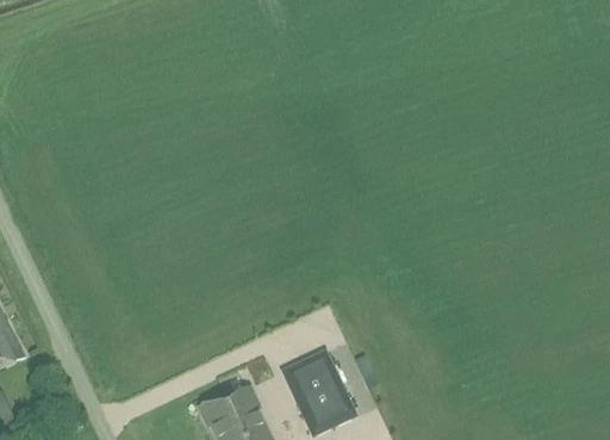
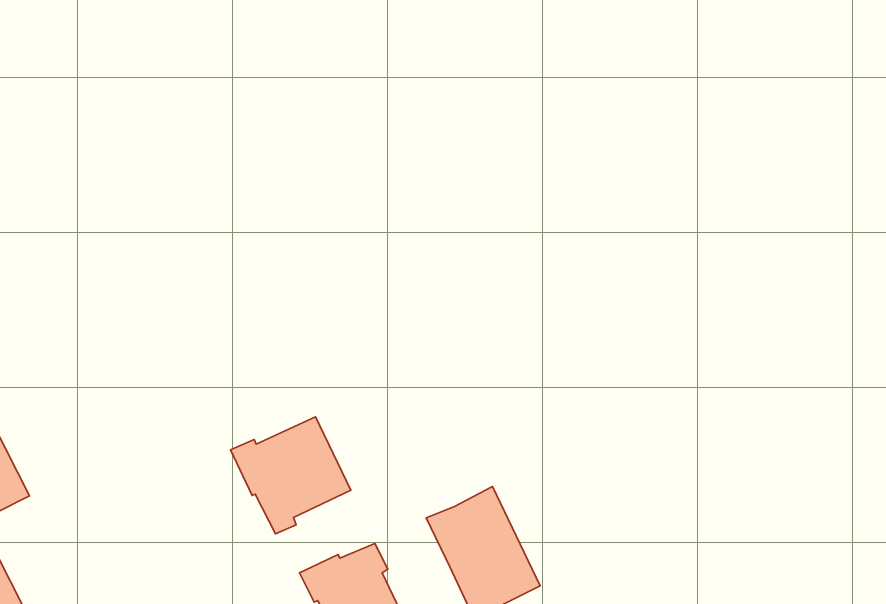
building: none -> [231,417,351,534]

